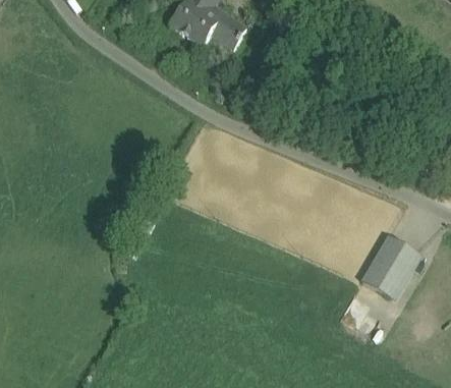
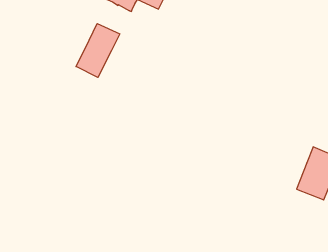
building: none -> [76,24,120,77]

